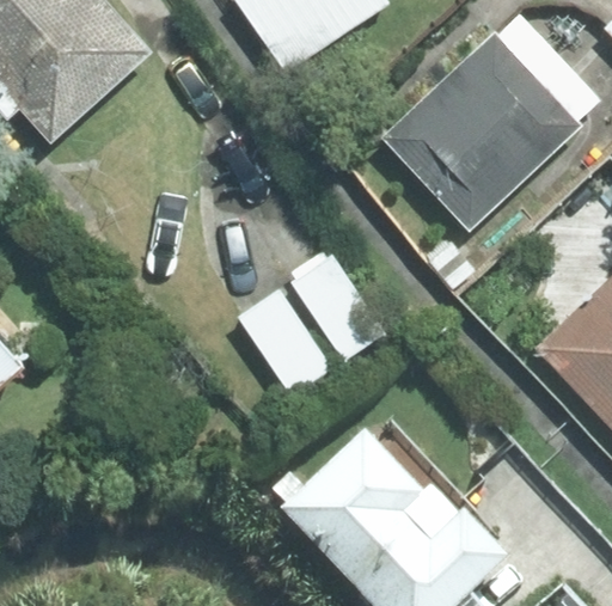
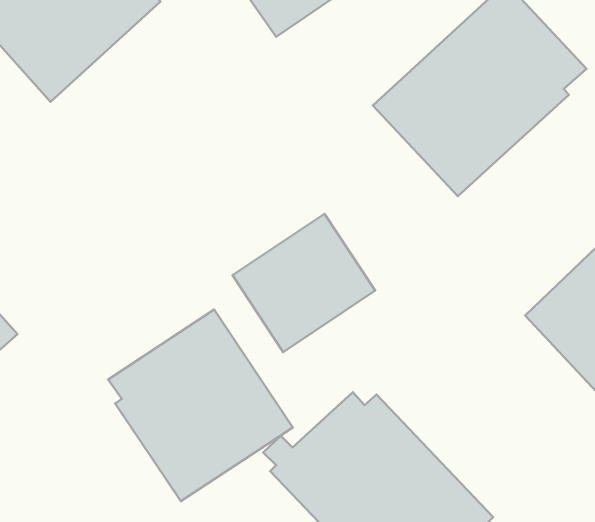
building: none -> [108,309,293,501]

